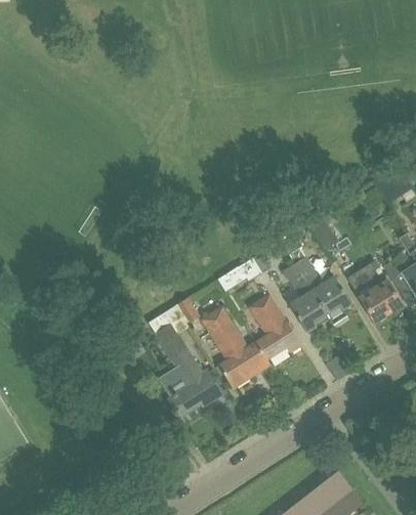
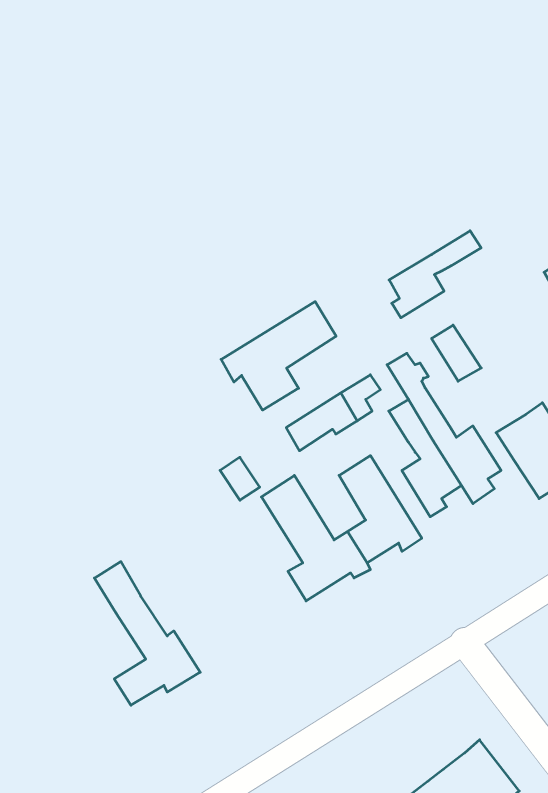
building: none -> [389,231,481,318]
building: none -> [221,302,336,410]
building: [157,327,222,416] -> [94,562,200,705]

